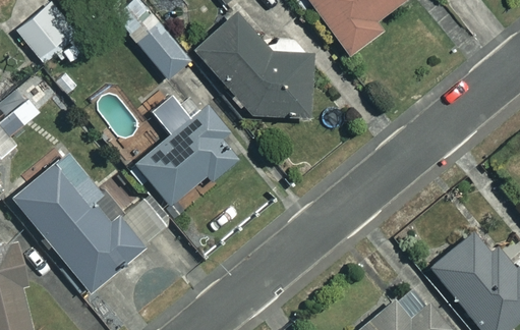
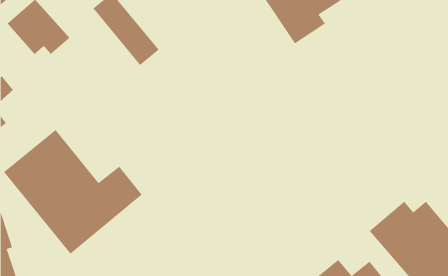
building: [193,14,310,116] -> none
building: [135,94,242,205] -> none

